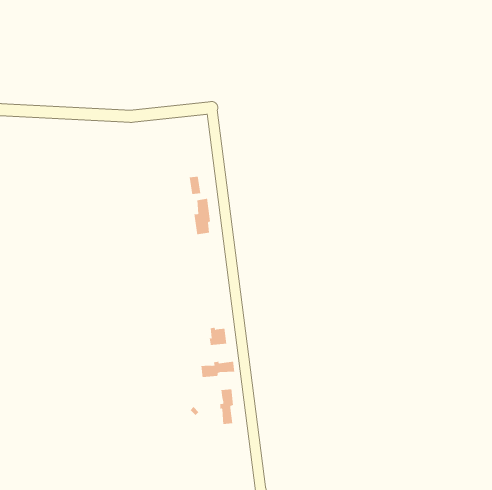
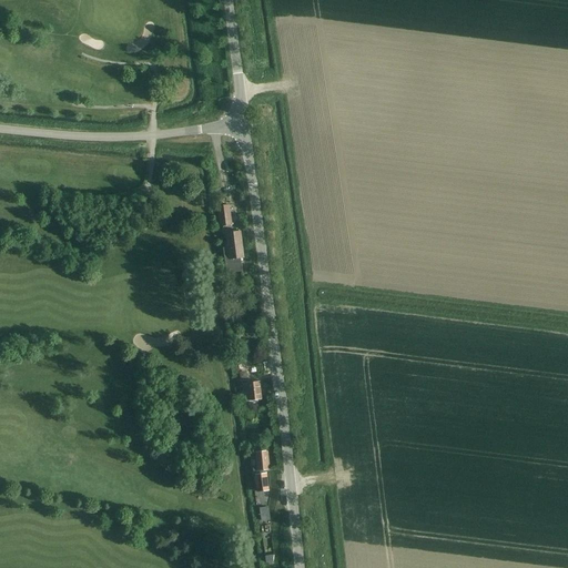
building: [201,361,235,378] -> none

